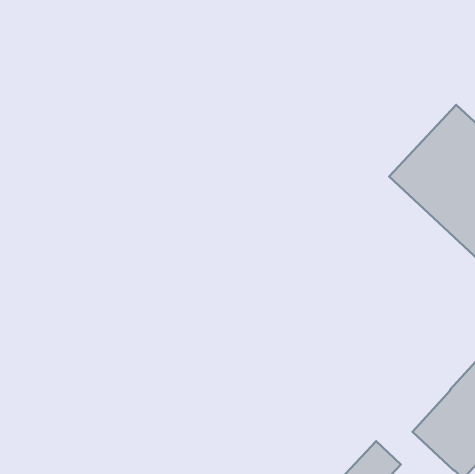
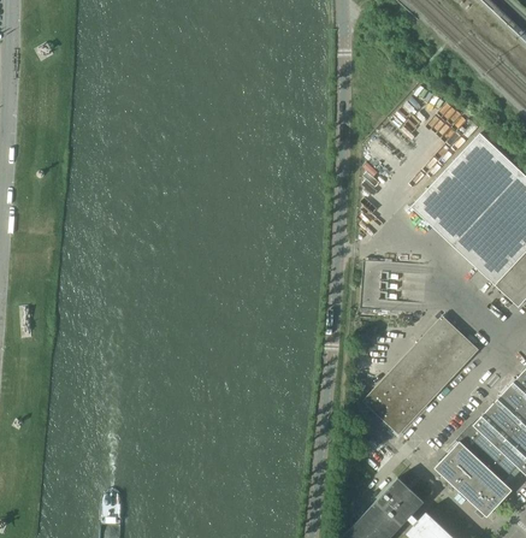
building: none -> [361,315,478,436]

